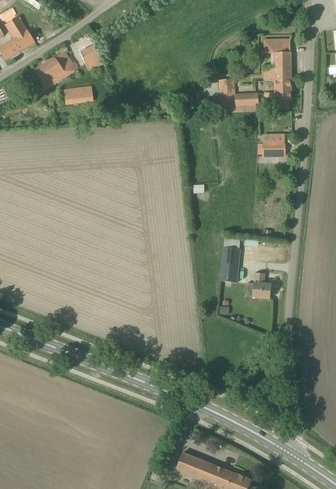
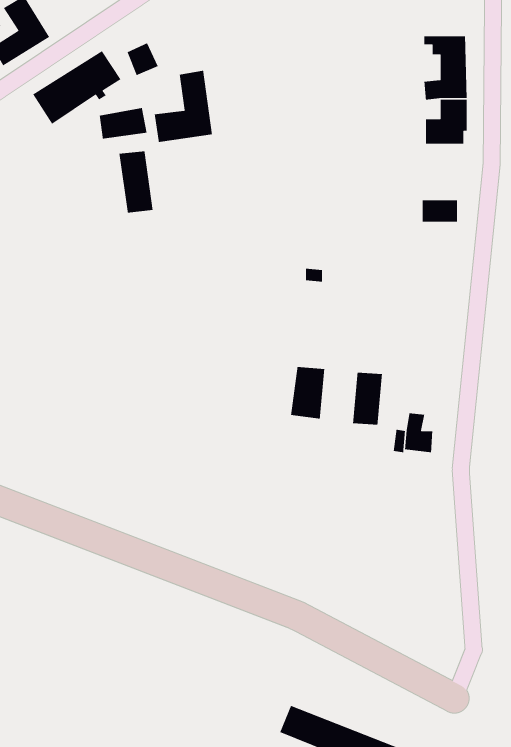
building: none -> [154,70,213,143]
building: [217,77,259,112] -> none
building: none -> [119,150,154,213]
building: none -> [290,366,325,420]

